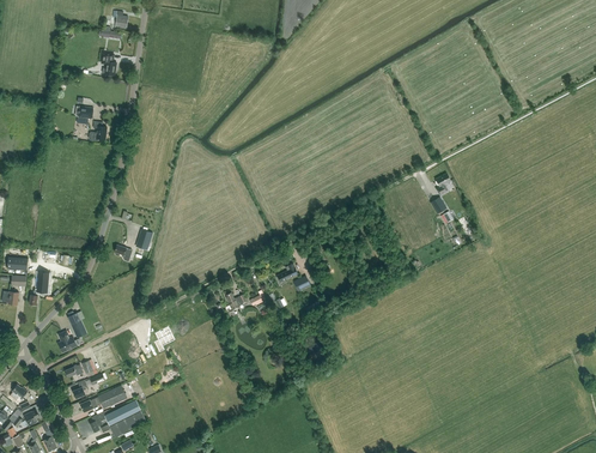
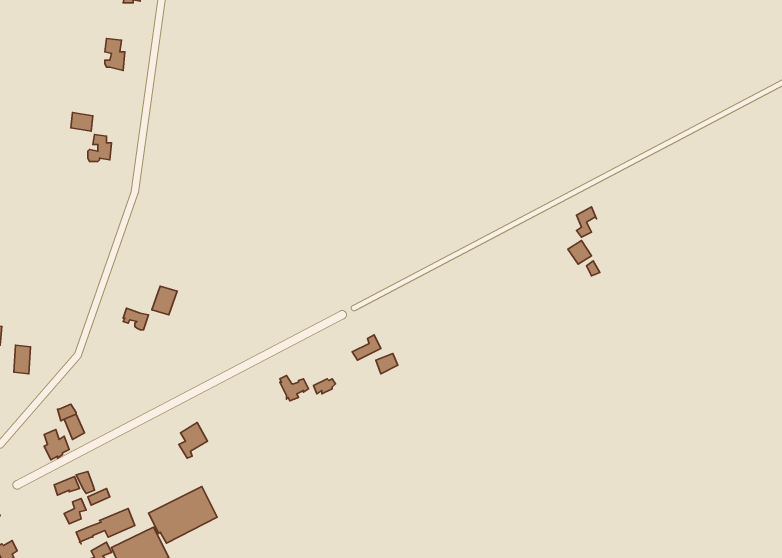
building: none -> [149,487,217,543]

